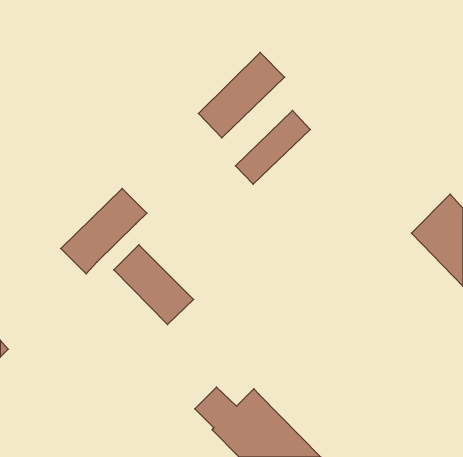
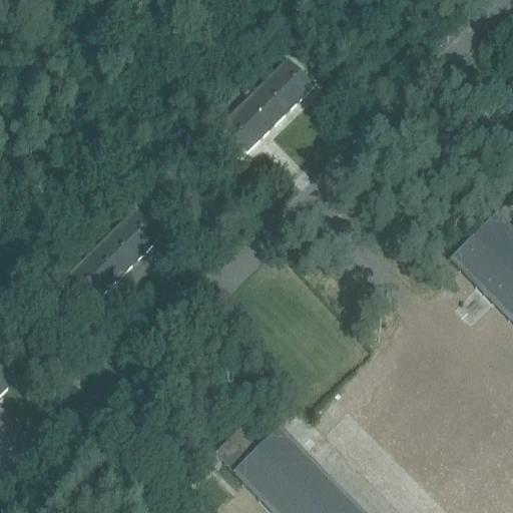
building: [235,110,310,184] -> none
building: [114,245,193,325] -> none

